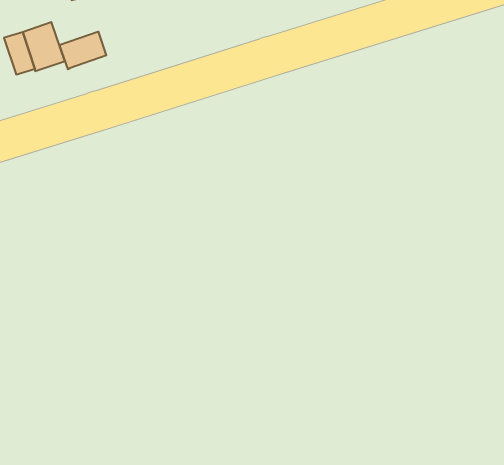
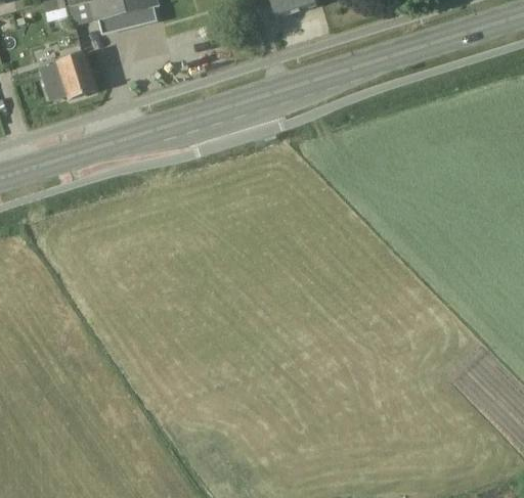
building: [59,32,106,69] -> none

